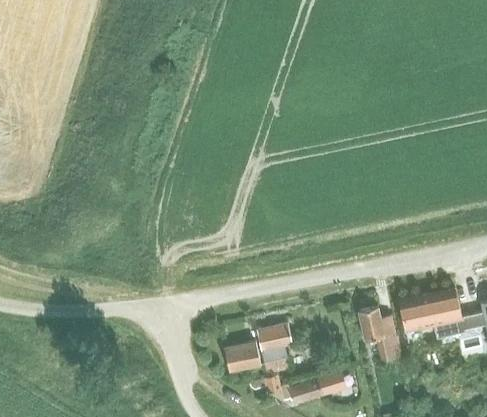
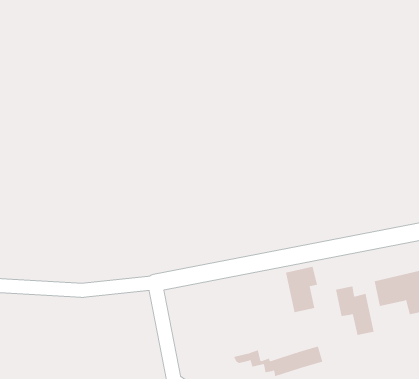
building: [257,323,292,373] -> [285,266,318,313]
building: [224,341,260,371] -> none

